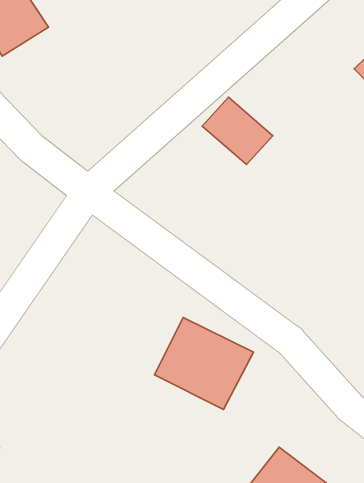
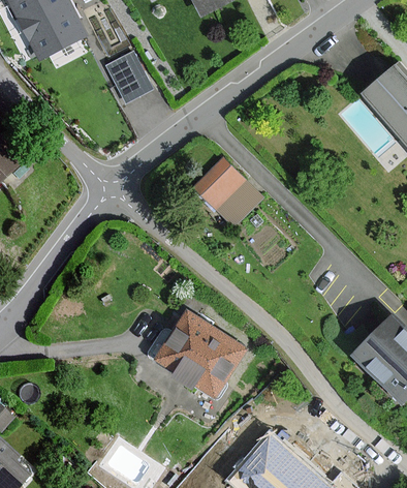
building: none -> [107,53,152,101]
building: [202,97,273,165] -> [199,158,263,221]

